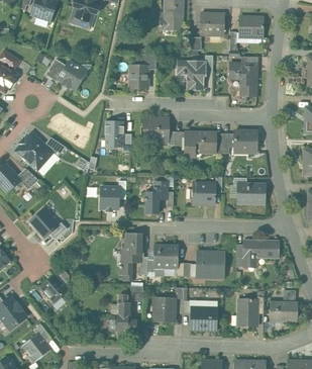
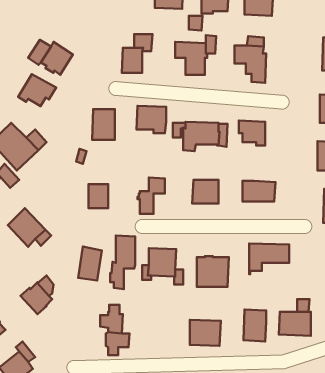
building: none -> [18,74,56,106]
building: none -> [78,247,102,281]
building: [152,296,175,320] -> none

